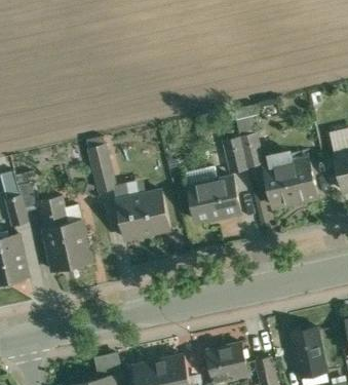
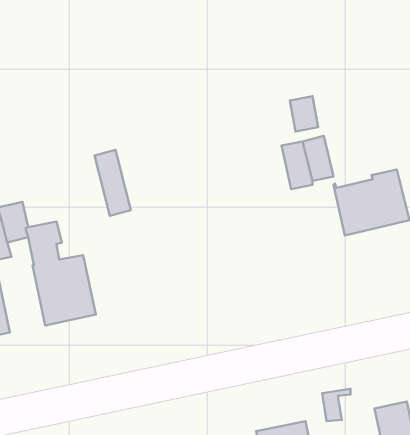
building: [189,178,242,222] -> none
building: [116,192,169,239] -> none

